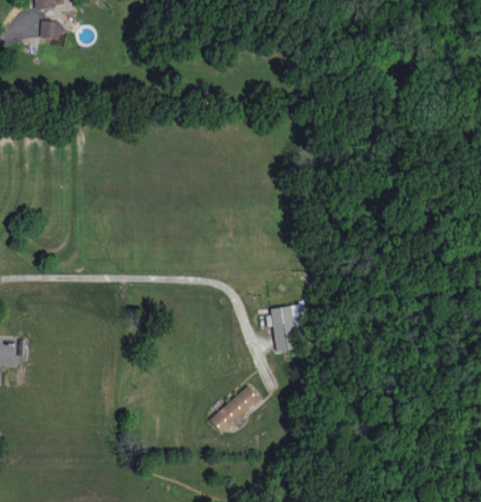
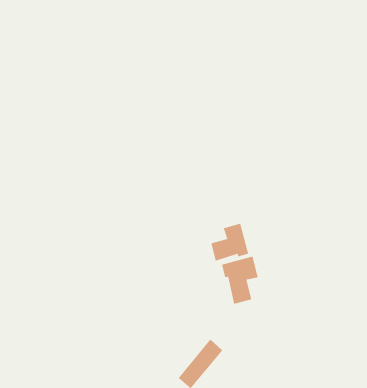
building: none -> [211,223,249,261]

